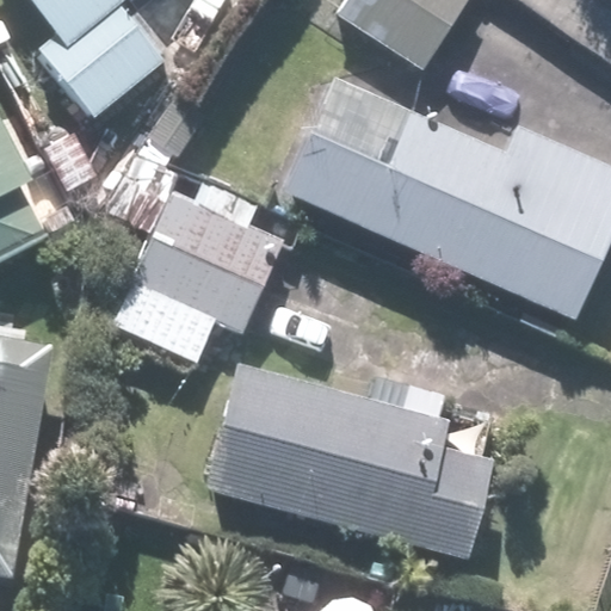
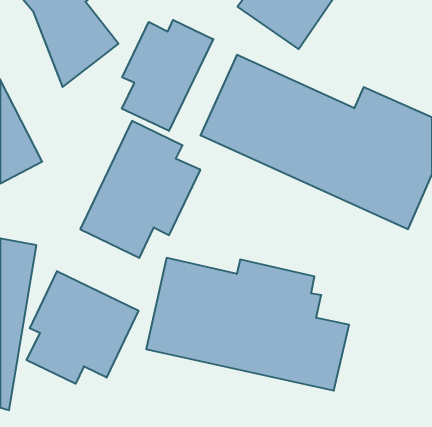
building: none -> [122,20,213,131]
building: none -> [27,271,138,384]

